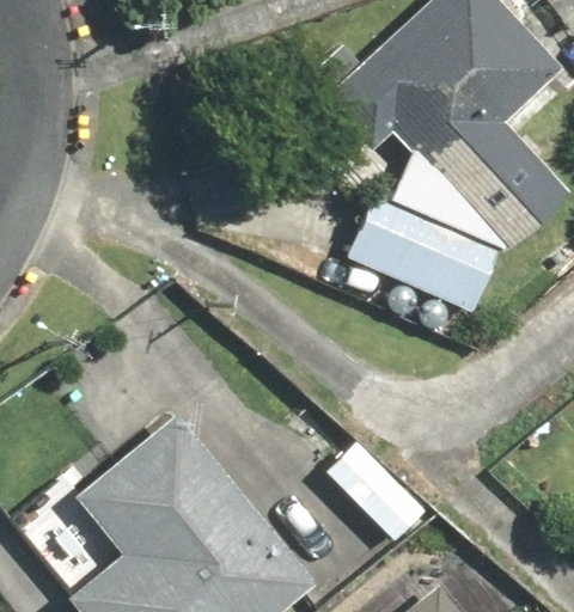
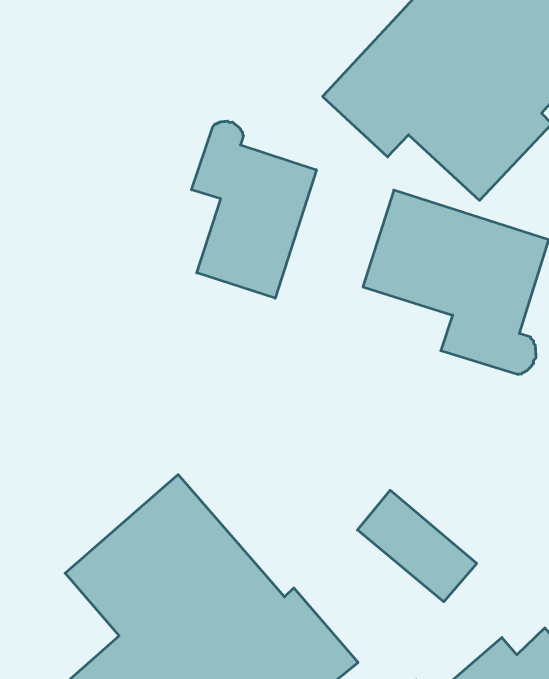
building: none -> [192,121,316,298]

